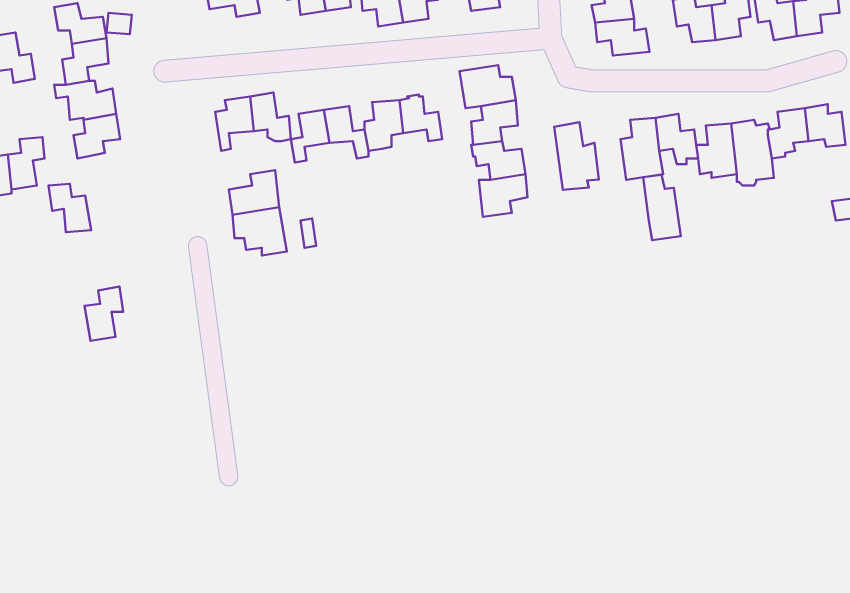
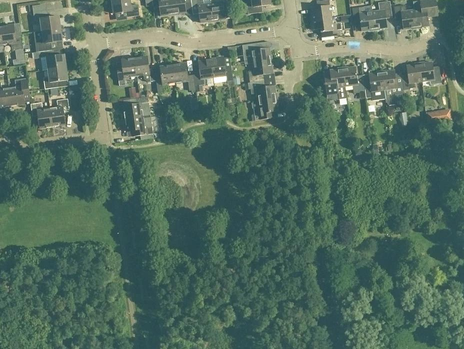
building: [554,122,599,190] -> none
building: [643,175,681,240] -> none
building: [85,287,123,341] -> [49,98,69,126]

